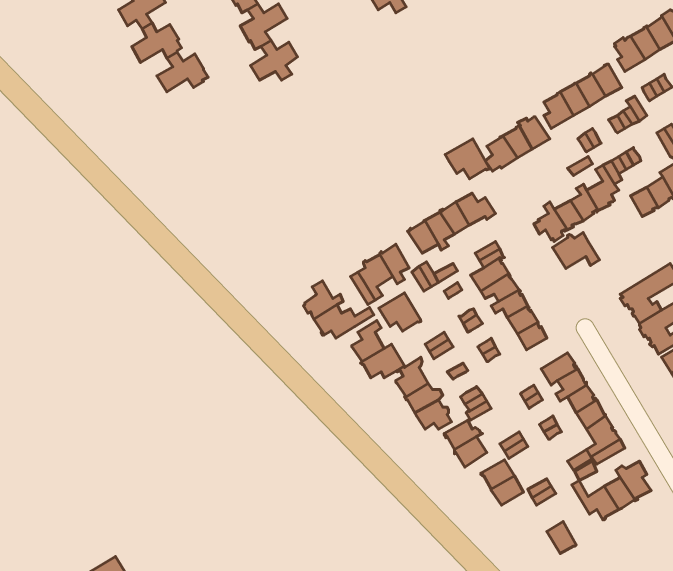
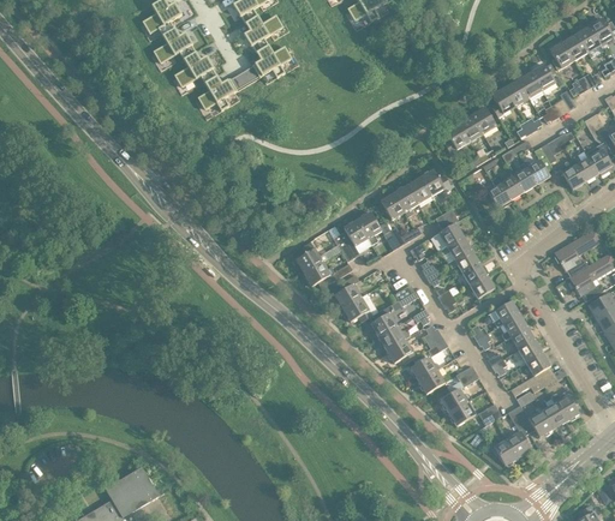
building: none -> [198,78,237,110]
building: [445,139,489,179] -> none
building: [553,233,599,269] -> none
building: [379,293,421,331] -> none
building: none -> [507,408,531,457]

